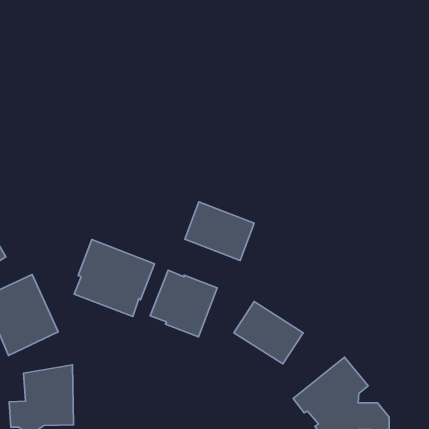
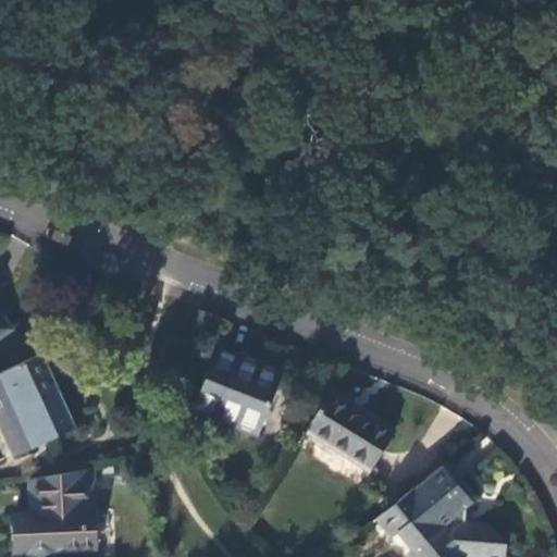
building: [185,202,254,261] -> none
building: [74,240,154,316] -> none

